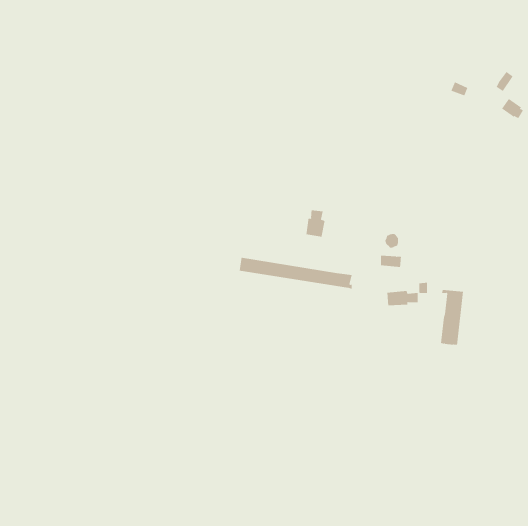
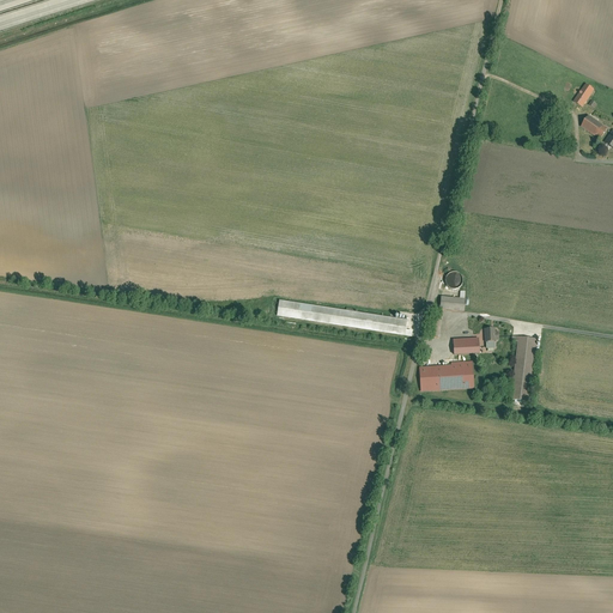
building: [306,209,325,237] -> none
building: none -> [419,359,474,390]

